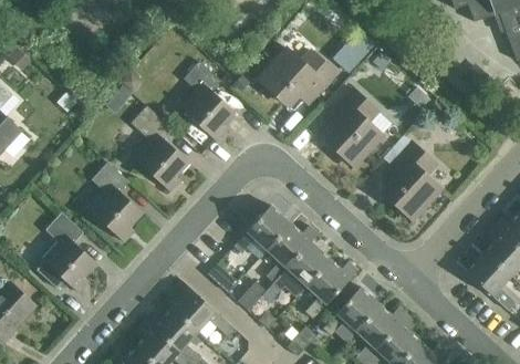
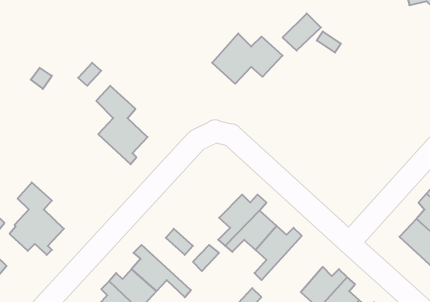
building: [179,62,235,143] -> none
building: [327,90,383,166] -> none
building: [387,144,441,219] -> none
building: [87,163,143,242] -> none
building: [233,206,292,253] -> none
building: [323,288,381,335] -> none

